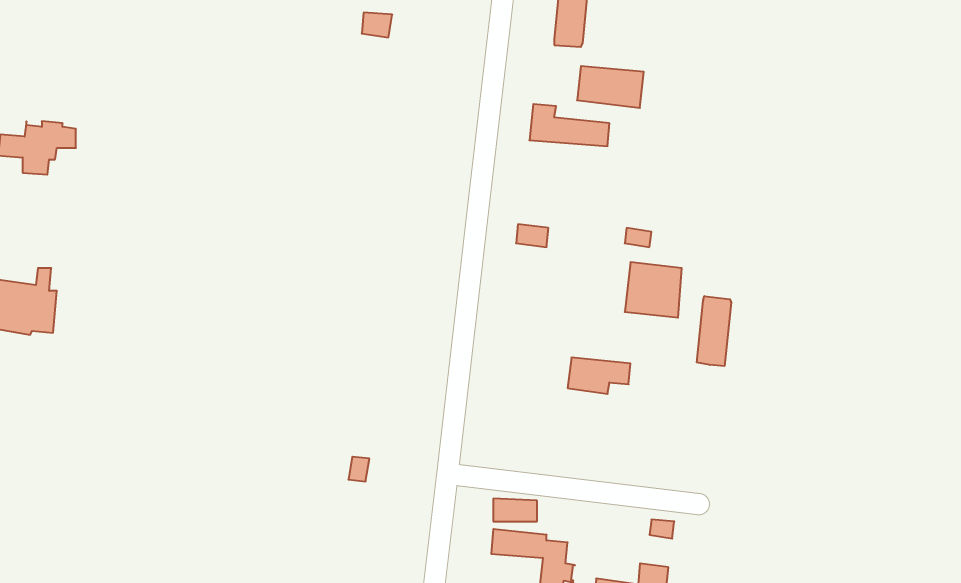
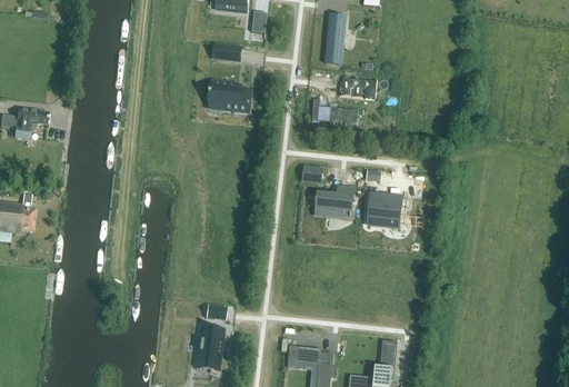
building: none -> [208,82,249,112]
building: [697,296,731,366] -> none
building: [568,358,630,394] -> [316,195,352,216]
building: none -> [198,328,223,366]

